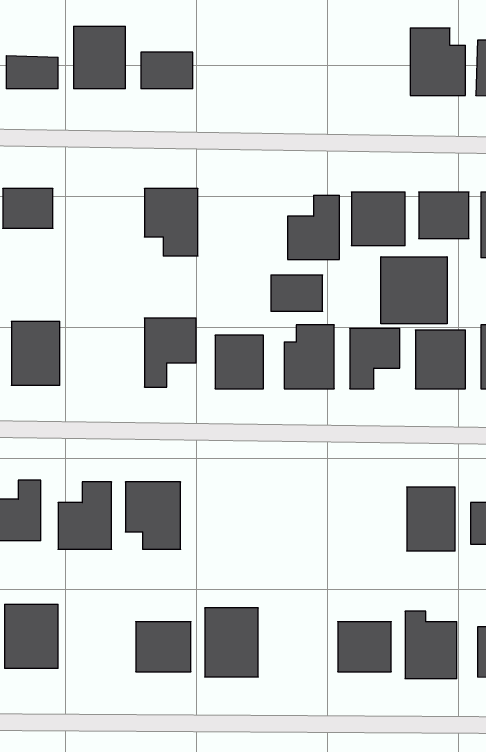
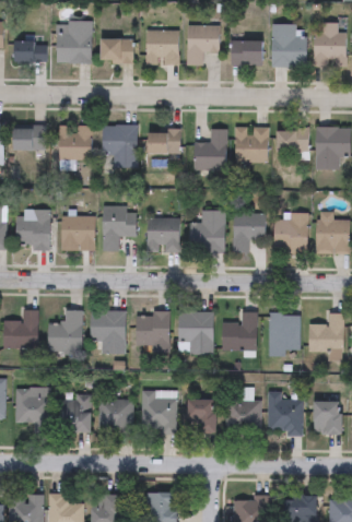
building: none -> [187,26,219,64]
building: none -> [145,31,177,64]
building: none -> [231,40,262,66]
building: none -> [58,126,91,161]
building: [381,257,447,324] -> none
building: [271,275,323,311] -> [148,131,180,154]
building: none -> [60,216,94,251]
building: none -> [137,312,169,353]
building: none -> [222,312,257,352]
building: none -> [178,313,213,355]
building: none -> [60,395,91,434]
building: none -> [187,401,215,434]

